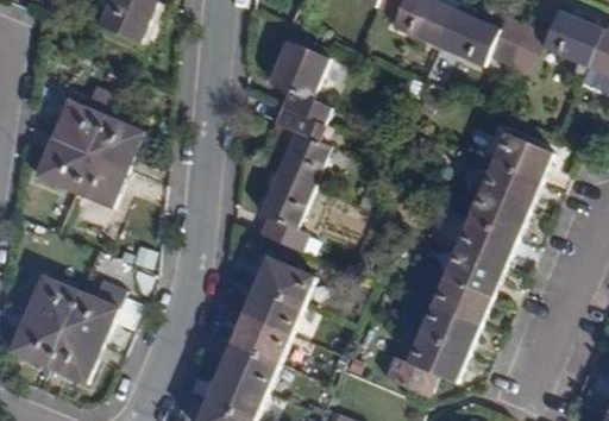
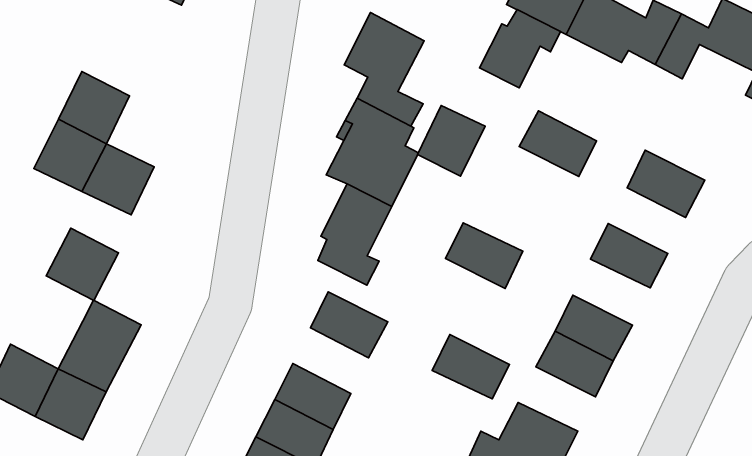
building: none -> [480,10,560,88]
building: none -> [418,105,485,176]
building: [89,114,143,168] -> none
building: [481,161,540,209] -> [519,111,597,177]
building: [457,218,516,266] -> [445,223,523,289]
building: [25,274,80,328] -> [46,228,119,300]
building: [244,284,302,333] -> none
building: [420,303,479,351] -> [432,335,510,399]

